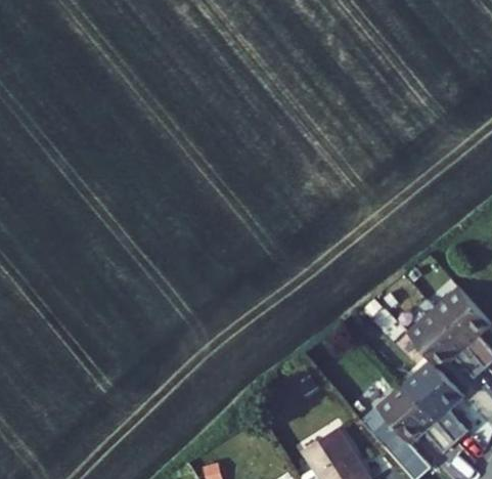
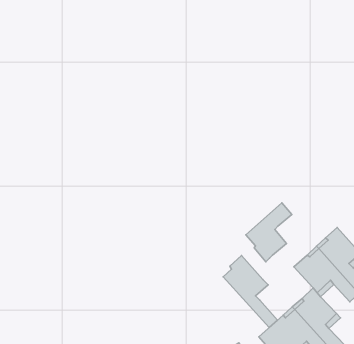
building: none -> [246,203,292,262]
building: none -> [223,255,278,328]

